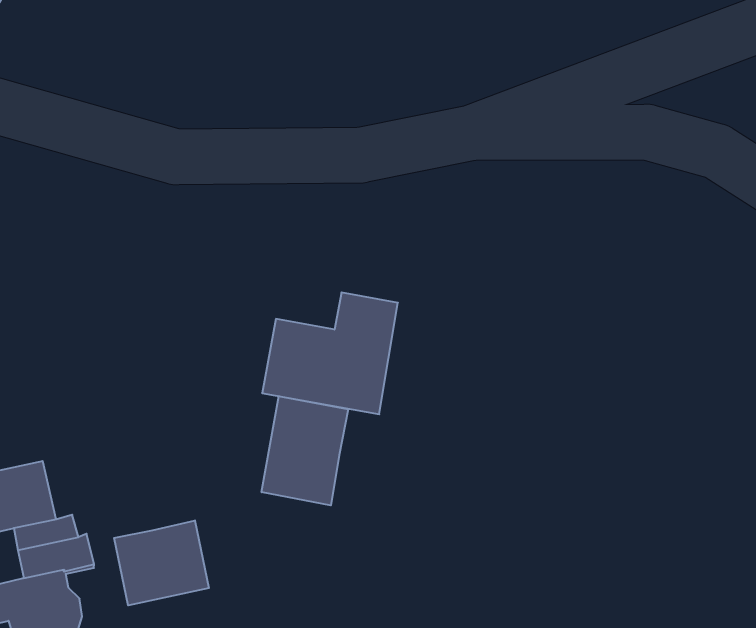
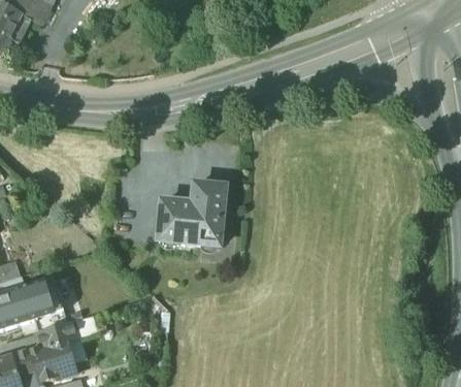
building: [262,396,348,505] -> none
building: [114,520,209,605] -> none

